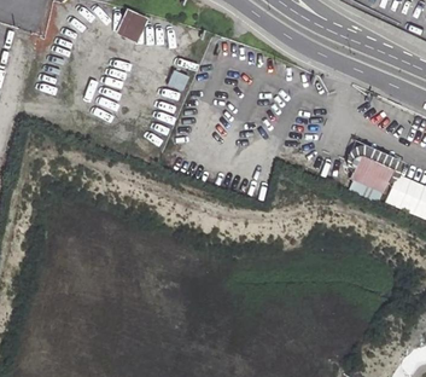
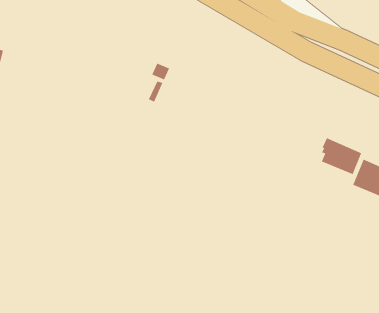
building: [113,7,145,41] -> none

